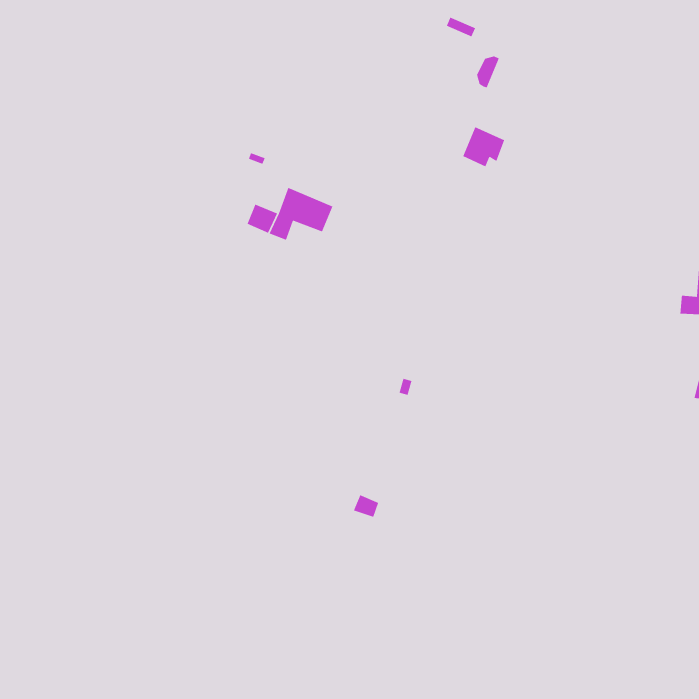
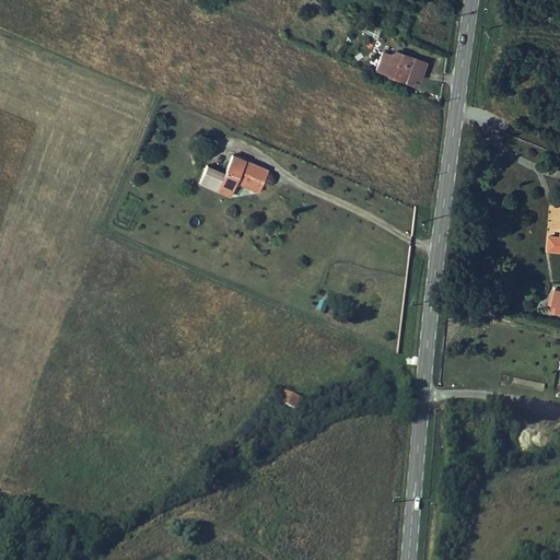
building: [462,126,505,168] -> [392,52,425,85]

